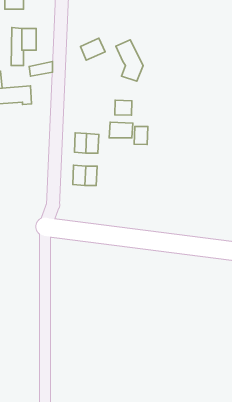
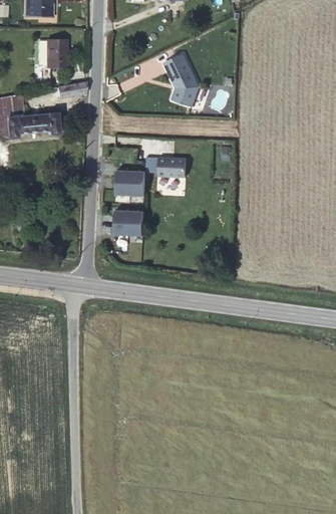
building: [81,38,105,60] -> none
building: [115,100,132,115] -> none
building: [134,126,148,144] -> none

